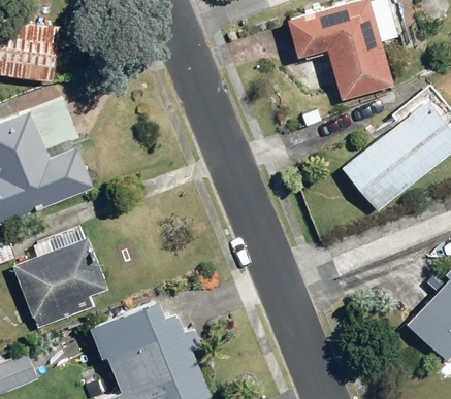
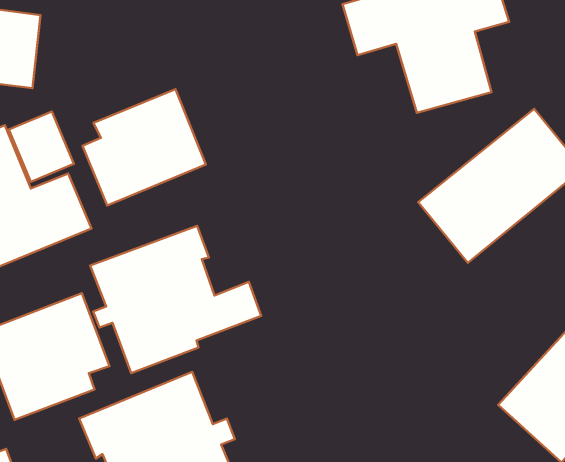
building: none -> [83,89,206,205]
building: none -> [90,226,261,373]

